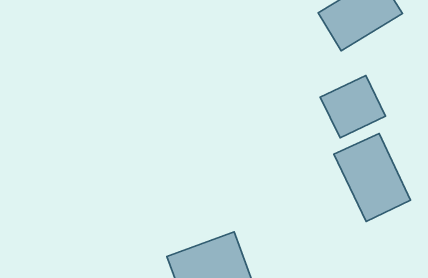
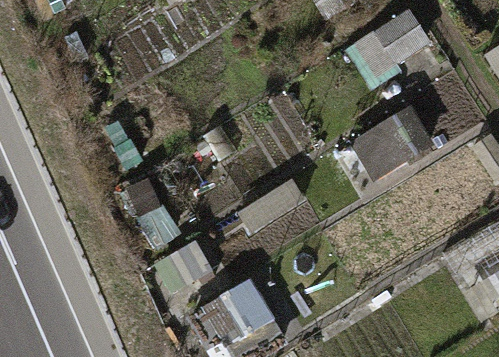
building: [334,133,410,221] -> none

